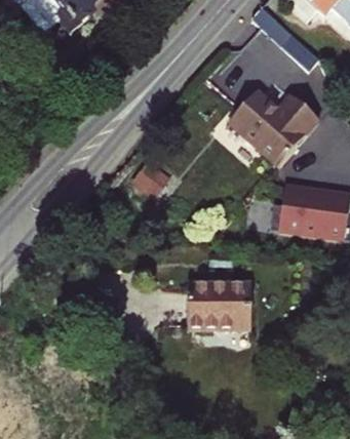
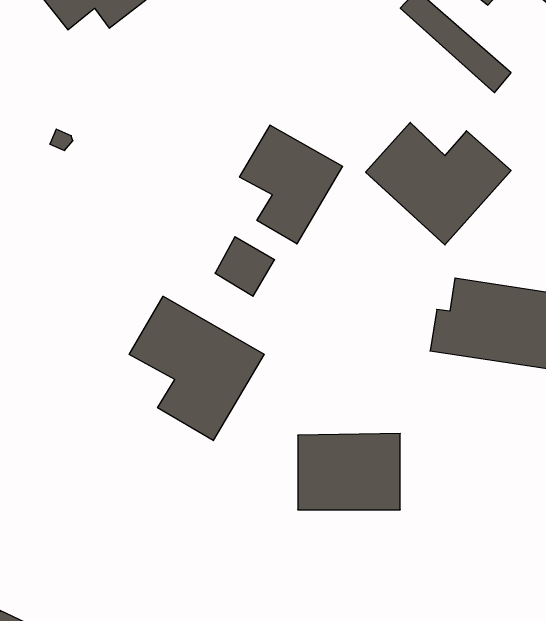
building: none -> [240,125,343,244]
building: none -> [129,296,264,441]

